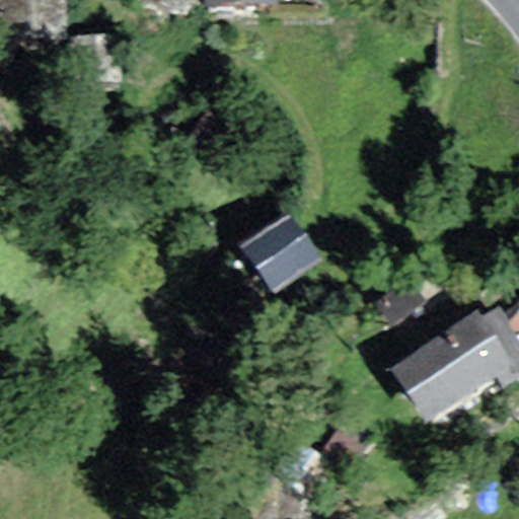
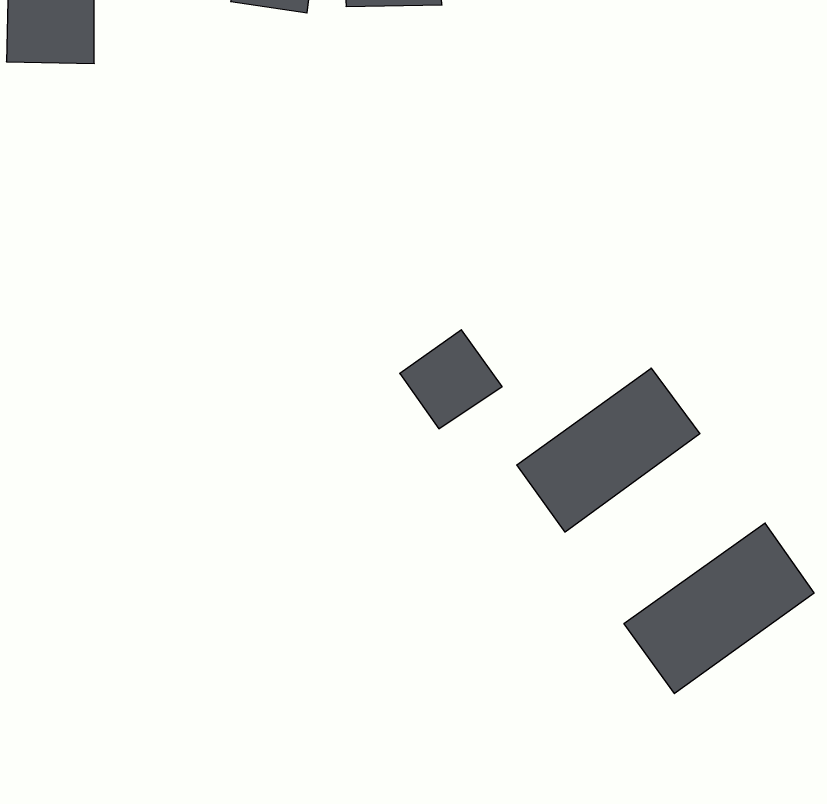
building: none -> [517,368,700,532]

